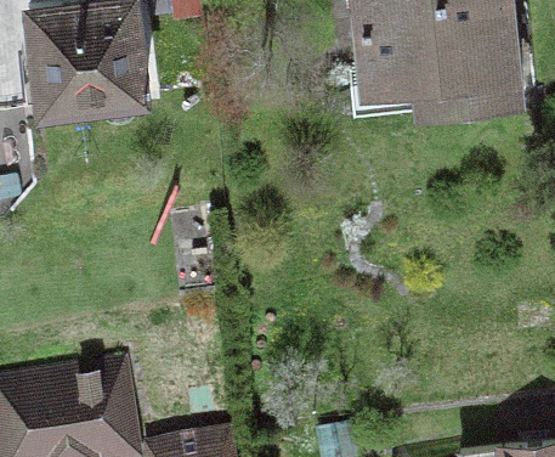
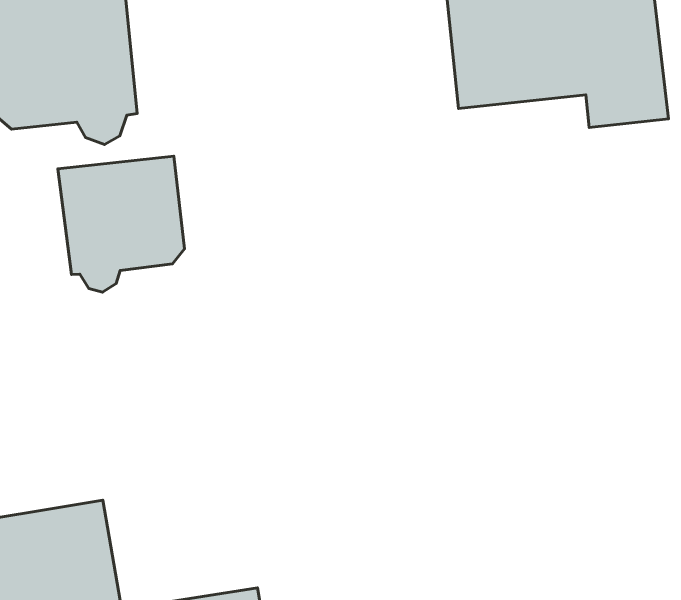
building: none -> [58,156,184,292]

